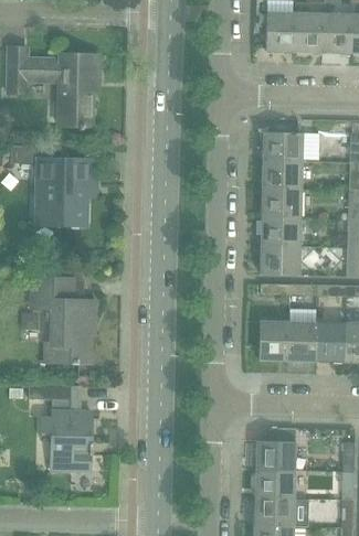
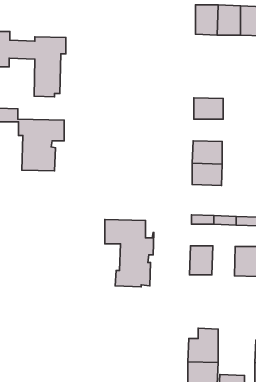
building: [262,160,300,189] -> none
building: [260,244,298,276] -> none
building: [31,278,94,364] -> [105,220,154,287]
building: [286,322,316,361] -> none
building: [29,384,92,474] -> none

